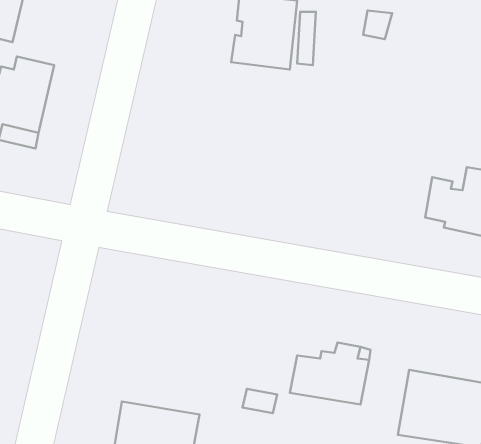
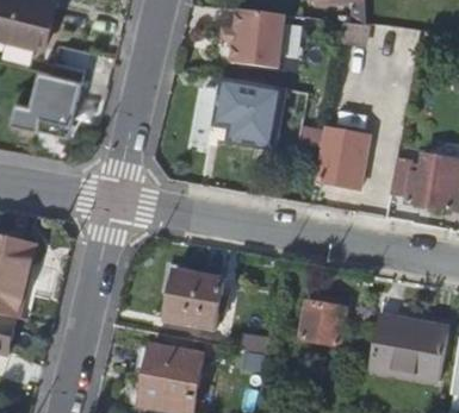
building: none -> [213,74,284,145]
building: none -> [314,127,370,188]
building: none -> [166,270,222,328]

